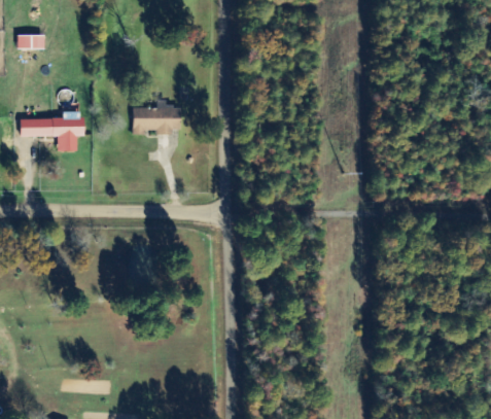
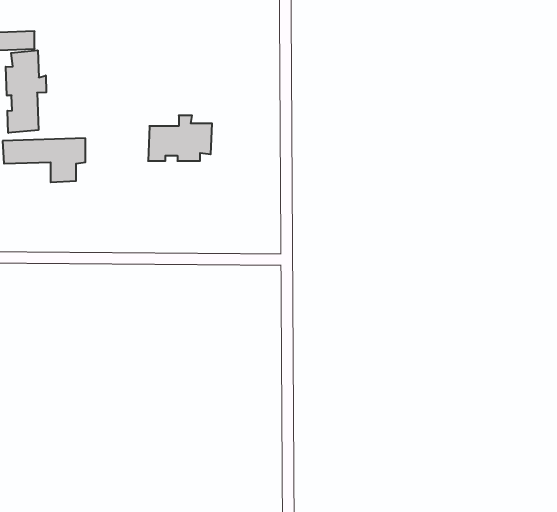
building: none -> [6,50,46,133]

